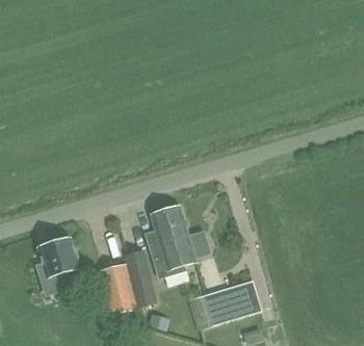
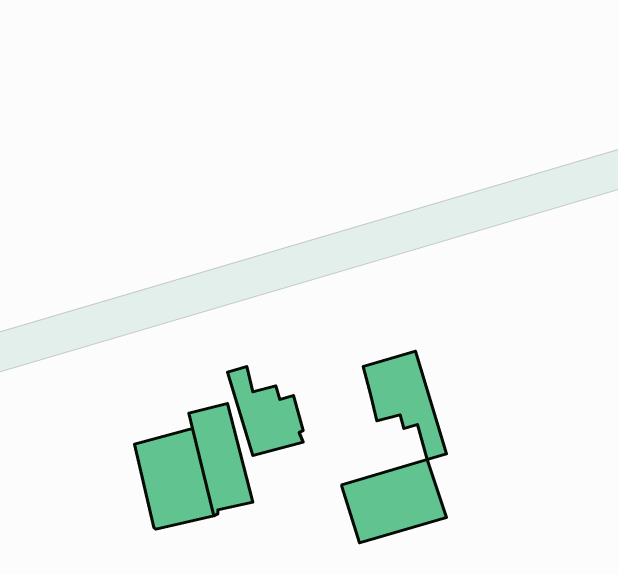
building: [151,206,196,264] -> [363,351,447,460]
building: [37,239,77,294] -> none
building: [188,294,215,329] -> none

